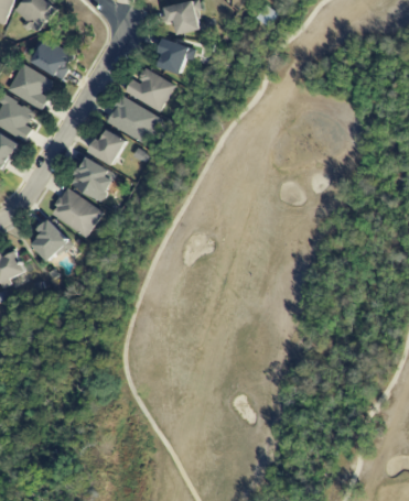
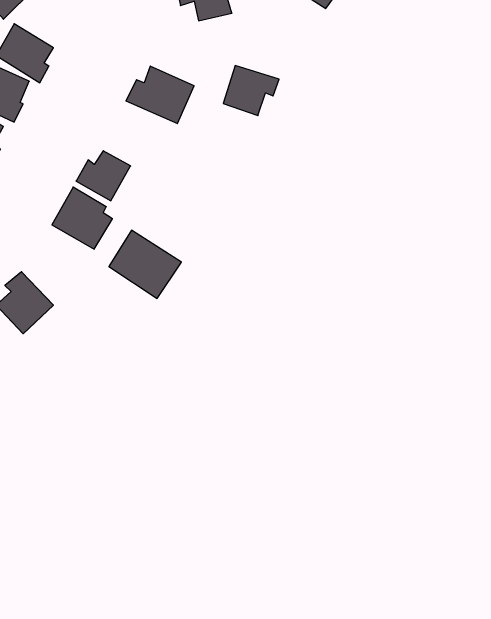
building: [154,39,195,75] -> [223,66,279,116]
building: [106,96,159,143] -> none
building: [50,188,103,238] -> [109,230,181,298]

